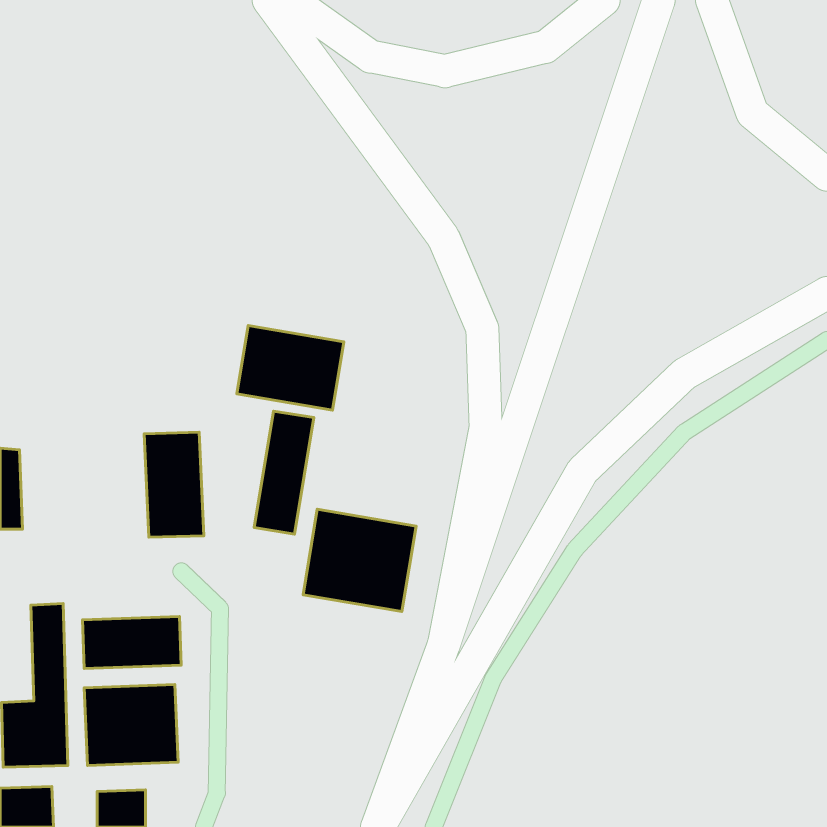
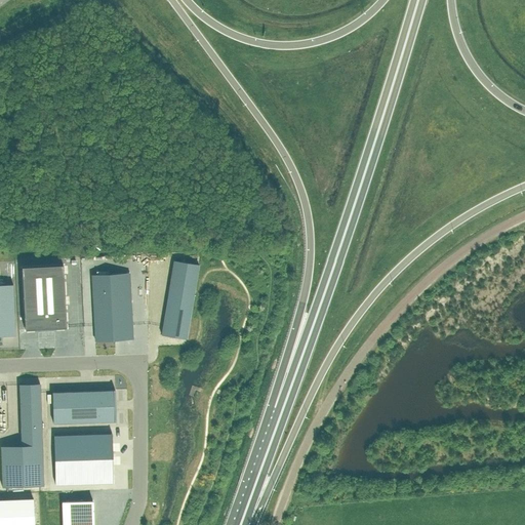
building: [237,326,344,410] -> none
building: none -> [22,265,66,330]
building: [303,509,416,612] -> none

